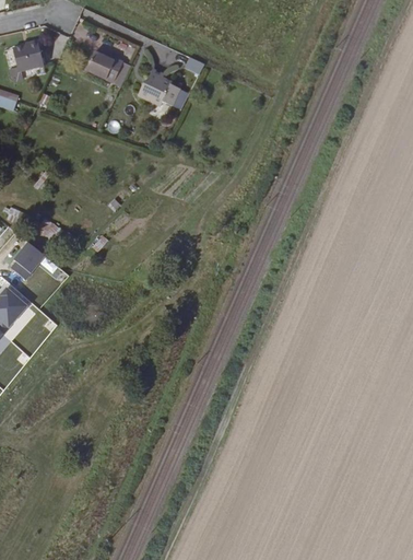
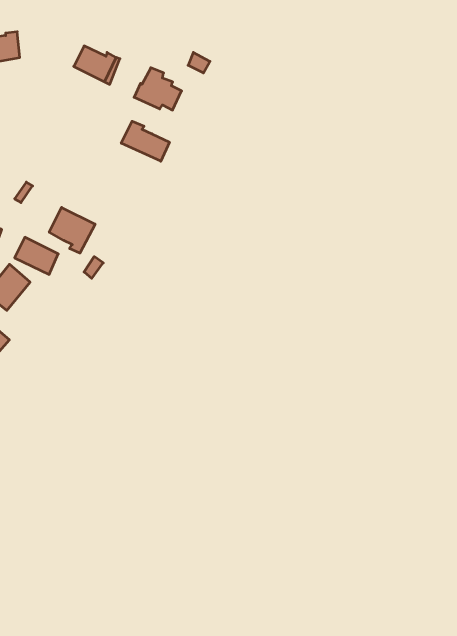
building: none -> [121,121,169,161]
building: none -> [49,207,95,253]

